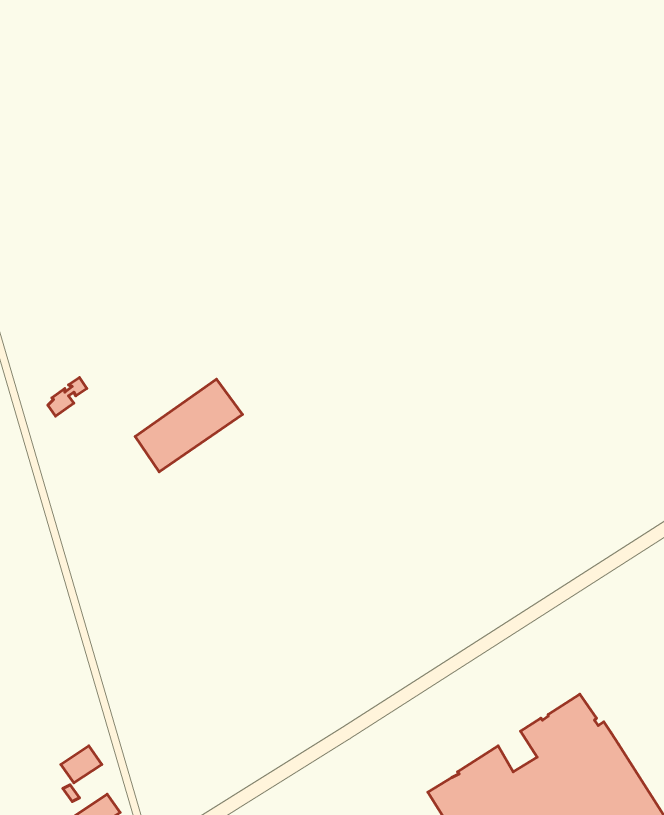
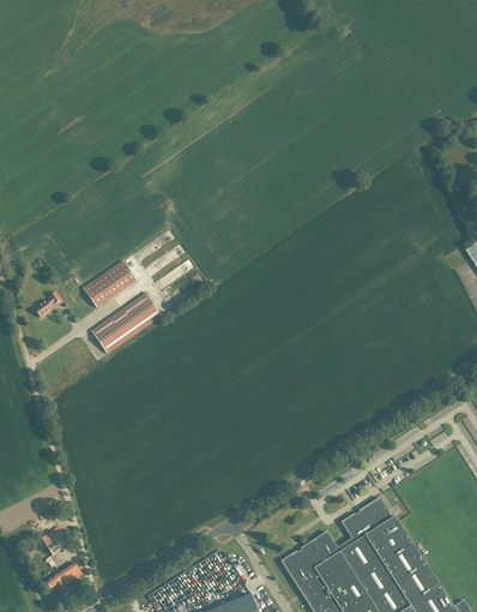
building: none -> [83,262,137,308]

